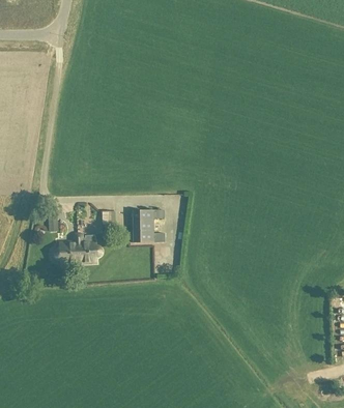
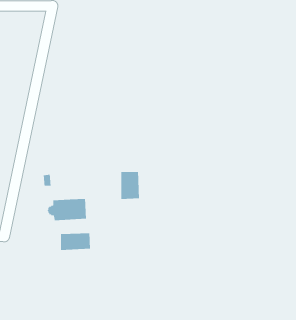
building: none -> [60,233,91,251]

